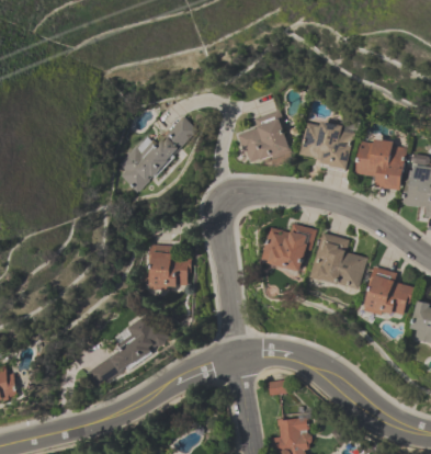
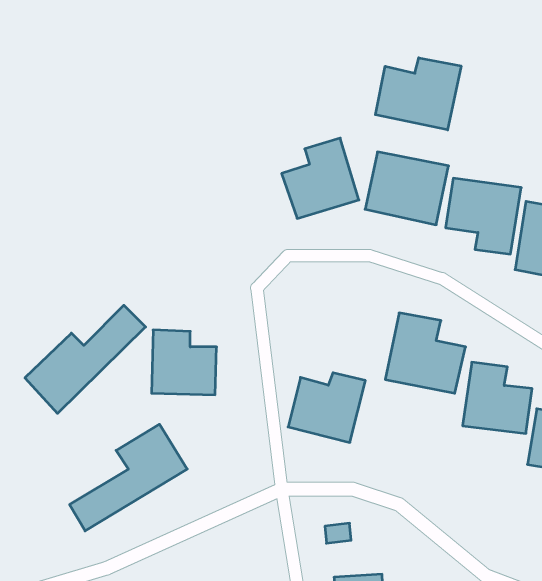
building: none -> [375,58,461,130]
building: [113,116,199,193] -> [25,305,146,413]
building: [262,224,317,273] -> [288,373,365,442]

